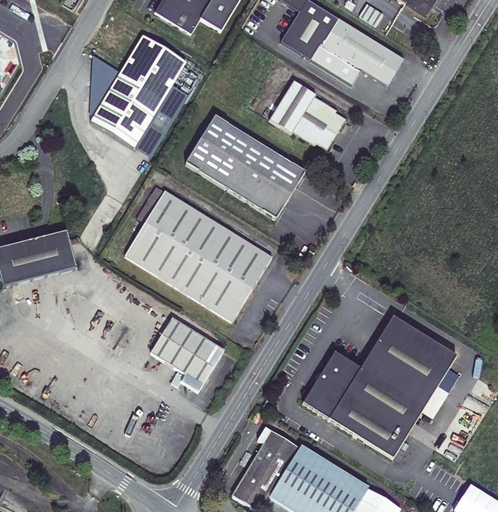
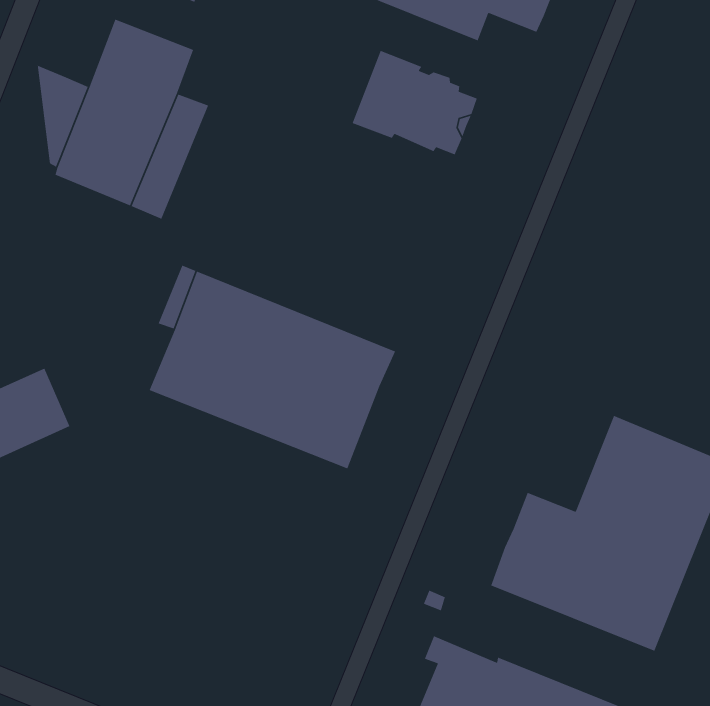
building: [185,114,304,218] -> none
building: [150,316,224,390] -> none

